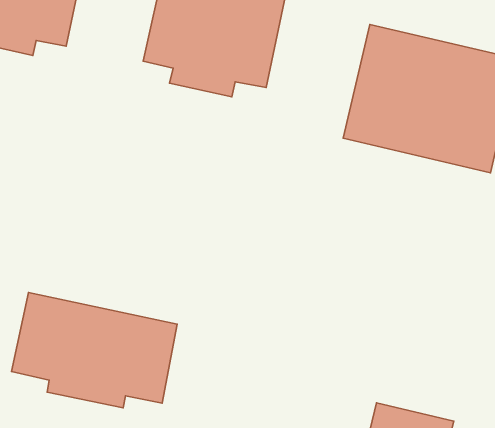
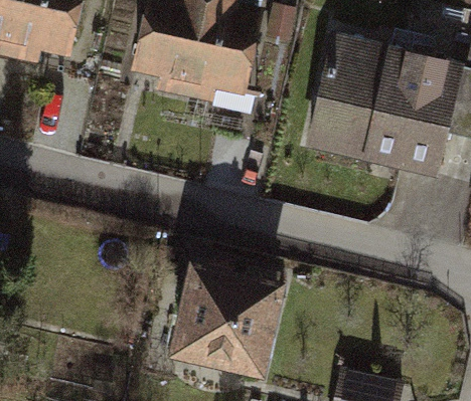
building: none -> [171,262,285,374]
building: [12,292,177,408] -> none

